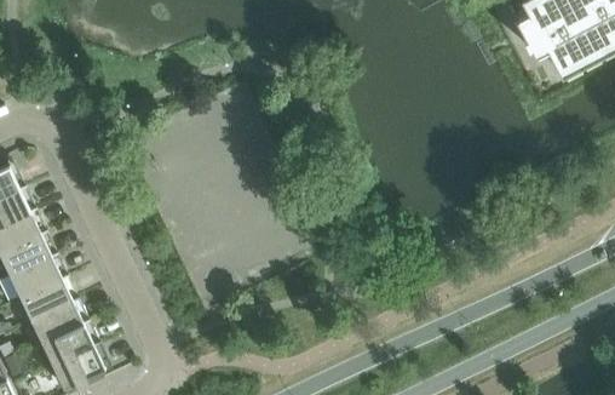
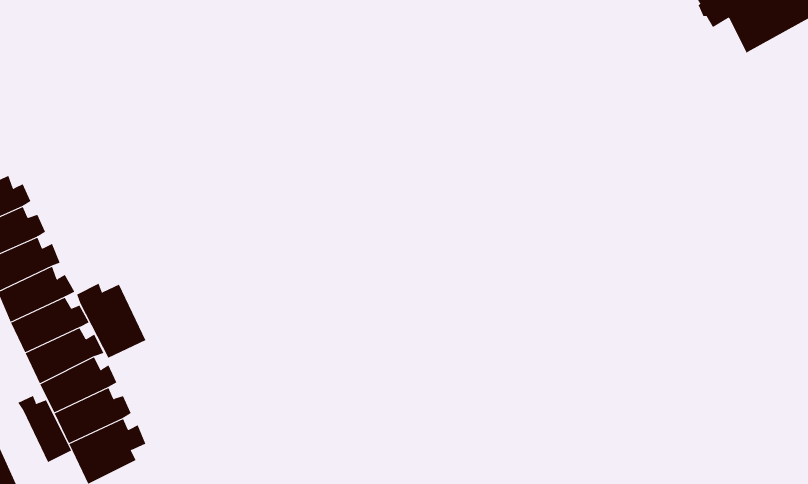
building: none -> [76,283,146,359]
building: none -> [18,395,72,463]

